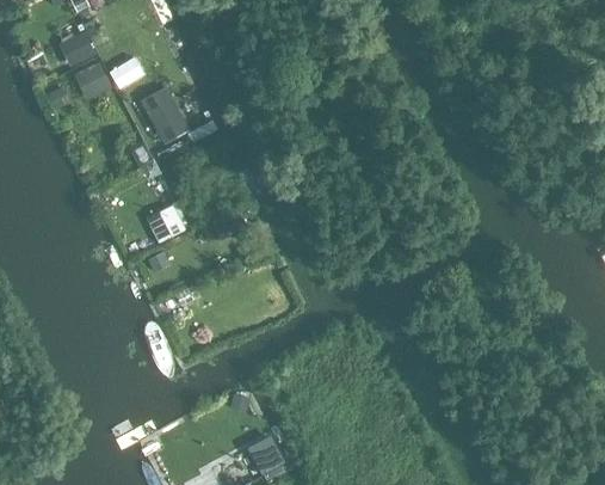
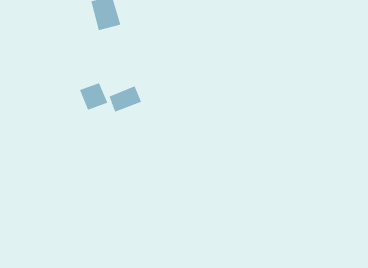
building: none -> [109,86,142,112]

